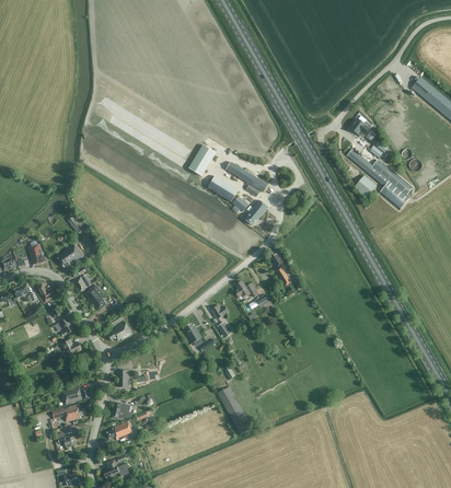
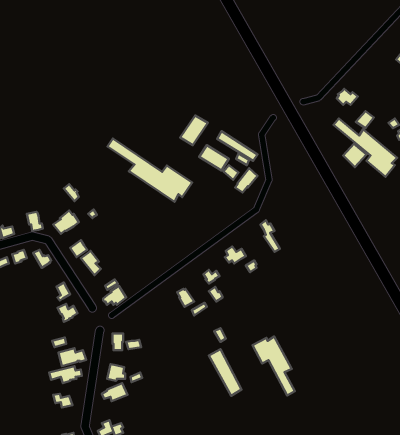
building: none -> [107,138,192,202]
building: none -> [252,337,295,395]

